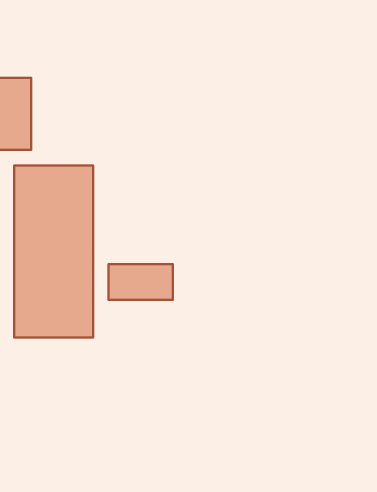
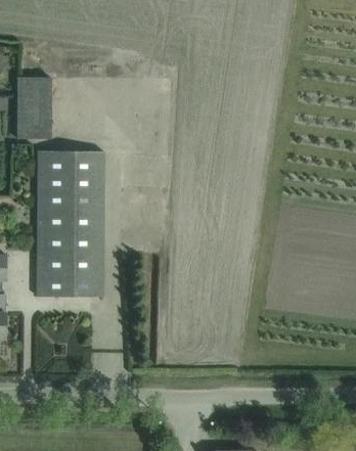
building: [109,264,173,300] -> none

